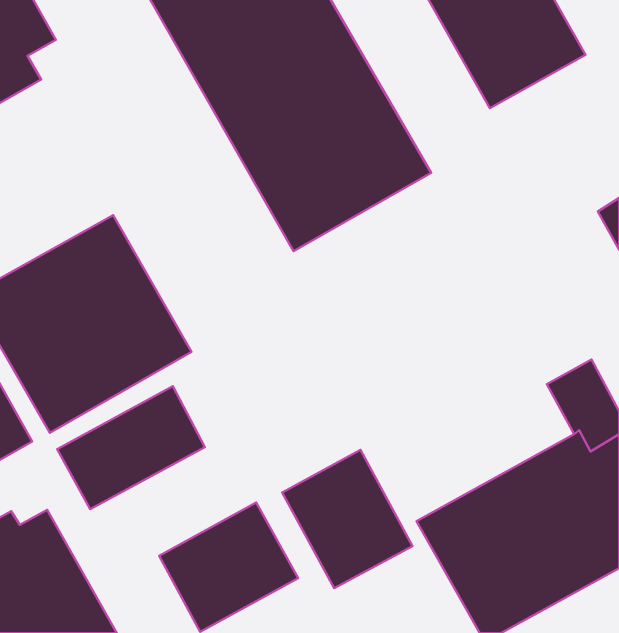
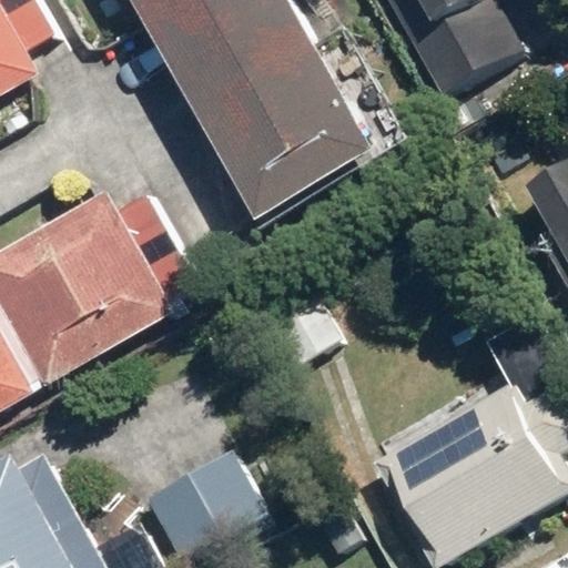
building: [57,386,205,509] -> none
building: [282,450,412,588] -> none

